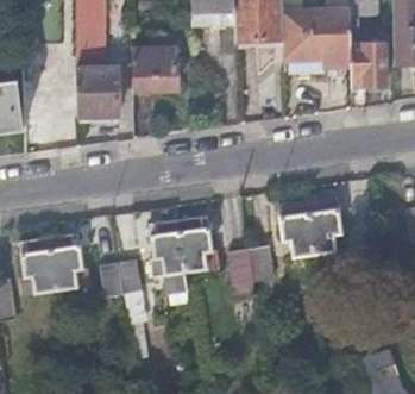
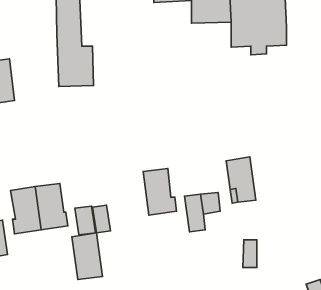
building: [132,35,177,92] -> none
building: [351,43,386,89] -> none
building: [307,196,346,252] -> none
building: [149,218,186,274] -> [72,233,102,279]

